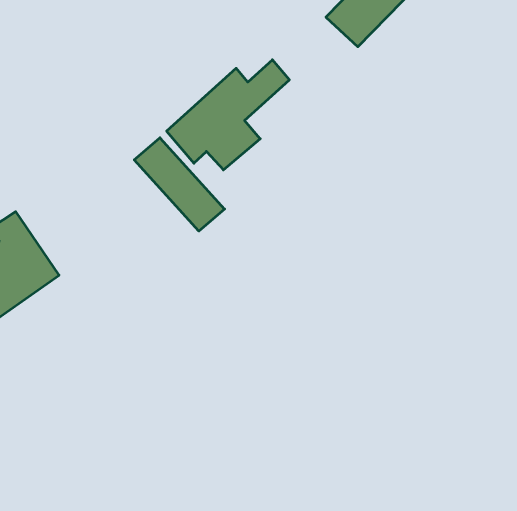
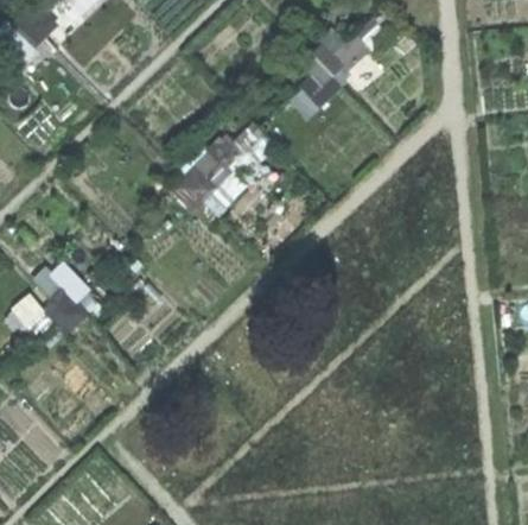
building: [134,138,225,231] -> none

